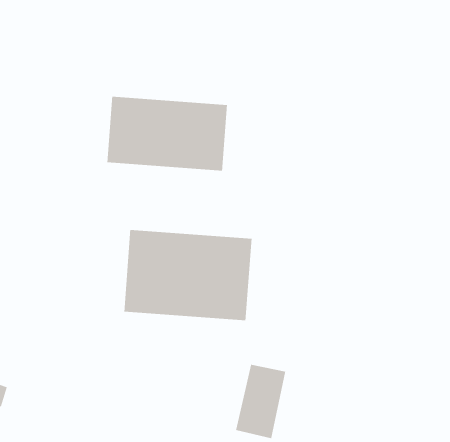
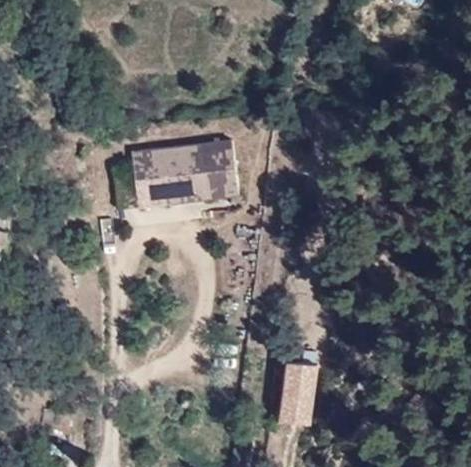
building: [123,229,252,321] -> none

